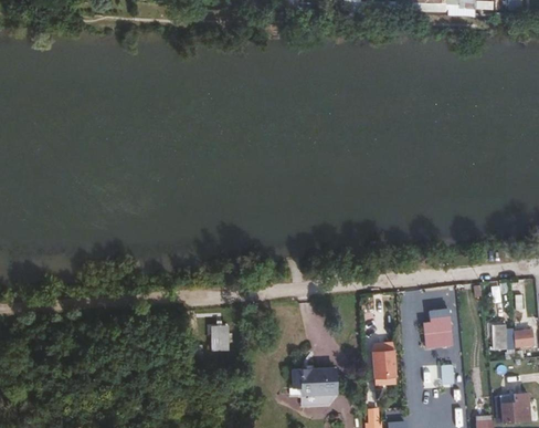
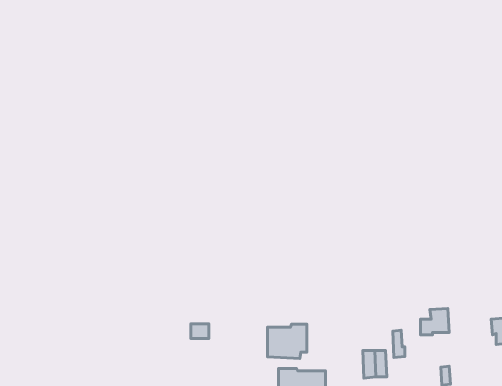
building: none -> [268,324,307,358]

